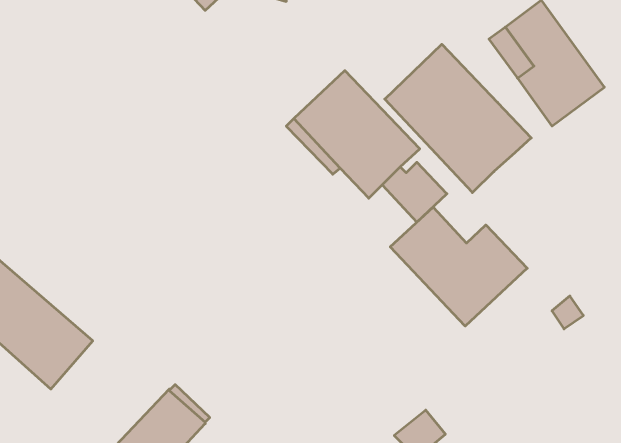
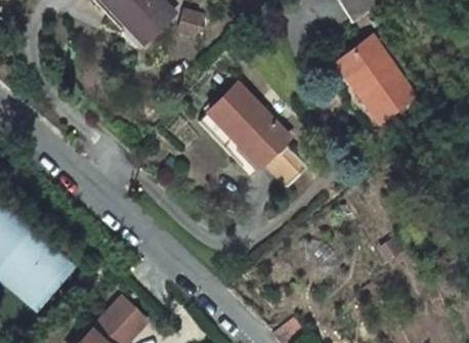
building: [385,44,531,193] -> none
building: [390,207,527,326] -> none

